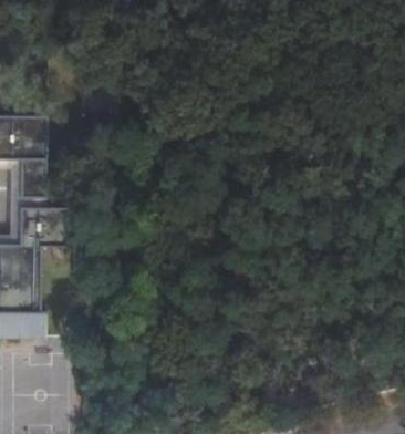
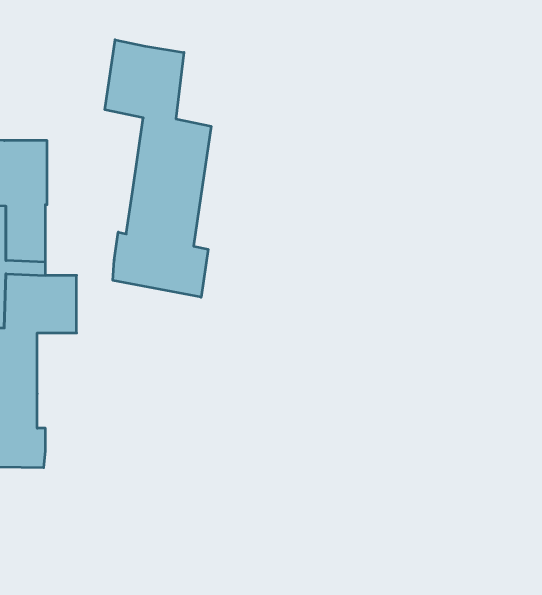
building: none -> [105,40,211,297]

